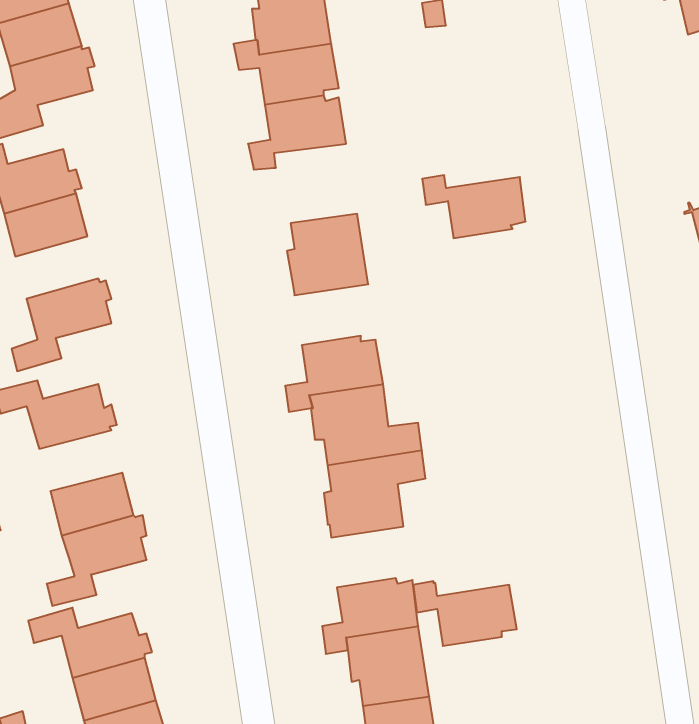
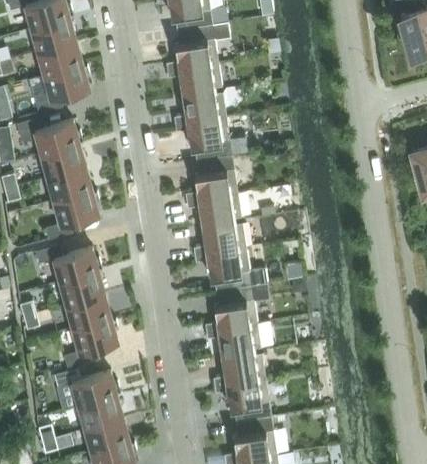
building: none -> [187,118,232,161]
building: [422,175,526,238] -> [185,193,241,227]
building: none -> [47,168,92,202]
building: none -> [60,273,105,306]
building: [413,581,517,646] -> [205,323,261,358]

